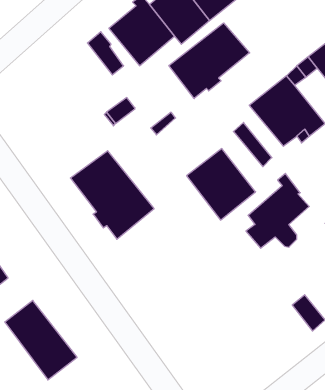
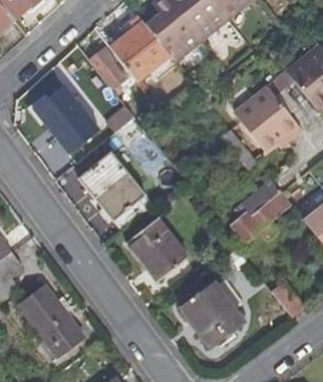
building: [169,23,250,99] -> none
building: none -> [32,91,94,155]
building: [187,149,256,220] -> [125,218,187,281]
building: none -> [180,282,243,346]

